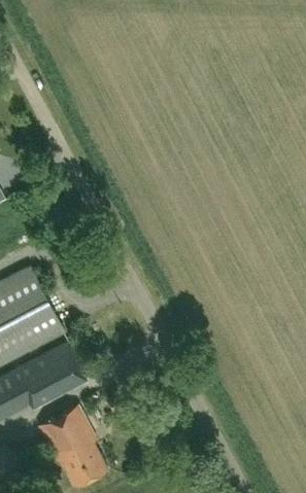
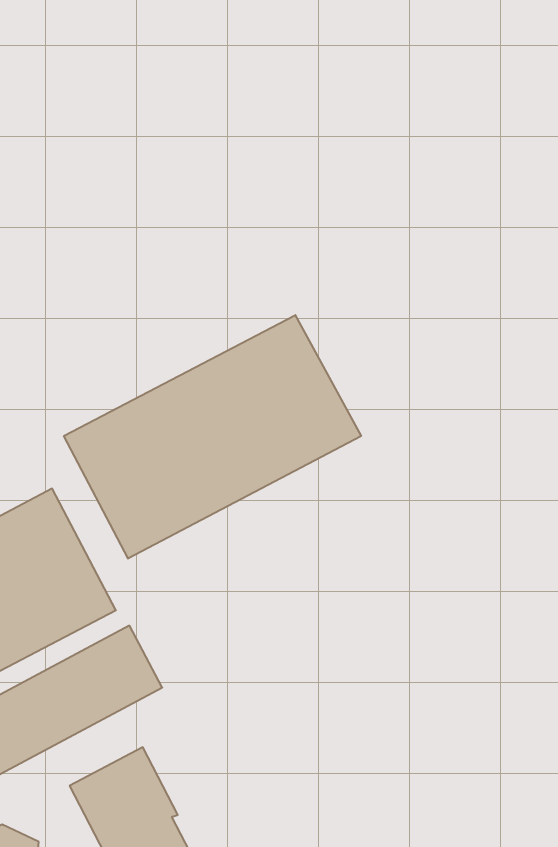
building: none -> [64,315,361,559]

